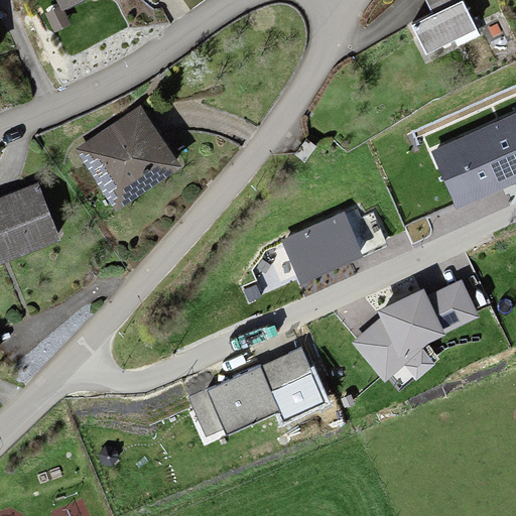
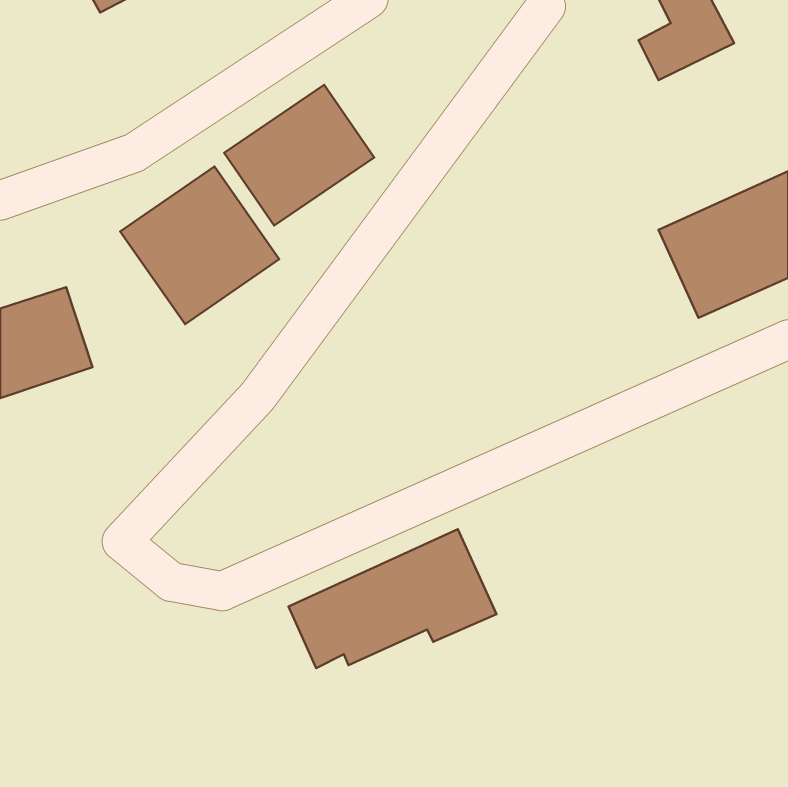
building: none -> [224,85,374,225]
building: [280,212,363,283] -> none
building: [352,278,478,381] -> none

